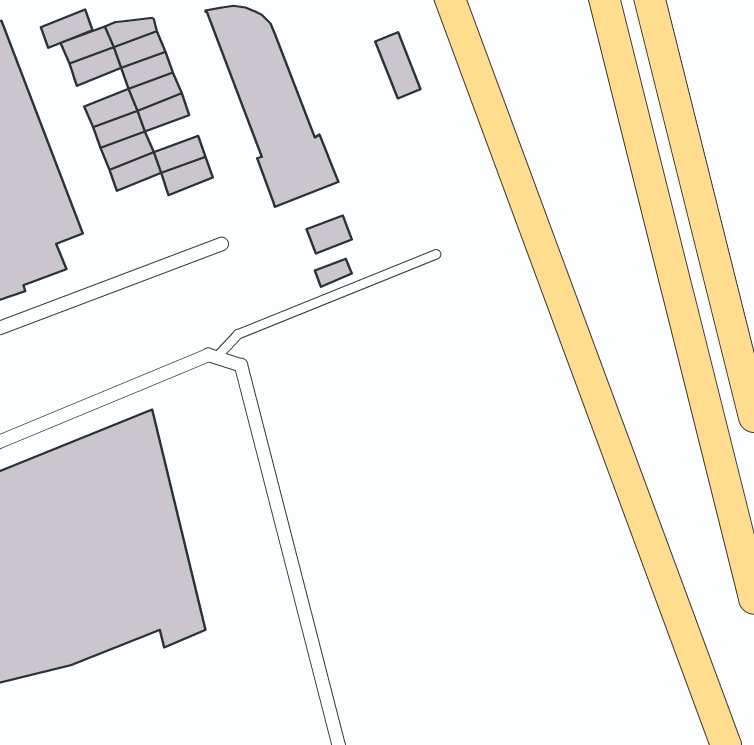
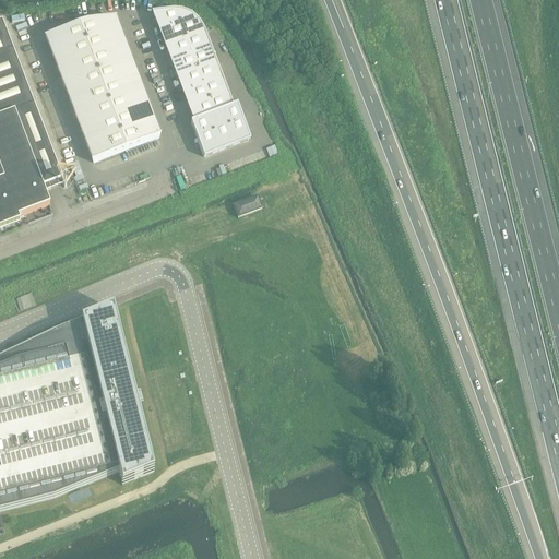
building: [41,9,93,48] -> [57,50,95,79]
building: [375,32,421,98] -> none
building: none -> [107,85,146,112]
building: none -> [86,128,124,156]
building: [307,216,352,253] -> none

